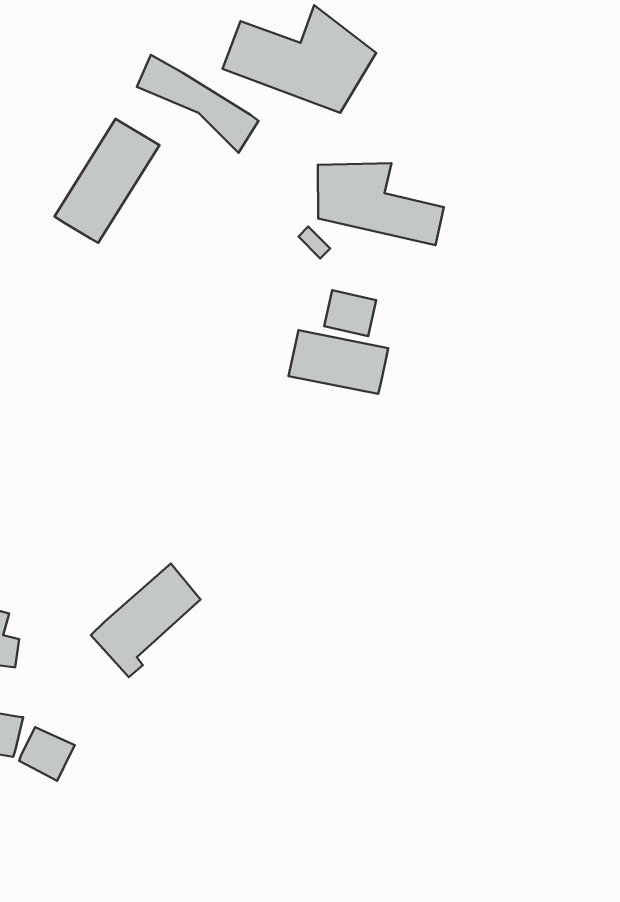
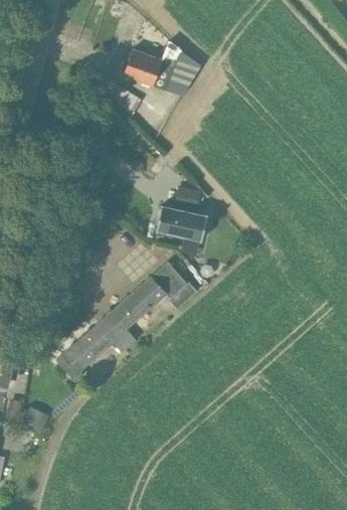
building: [55,119,159,243] -> none
building: [318,163,444,245] -> none
building: none -> [111,261,196,330]

